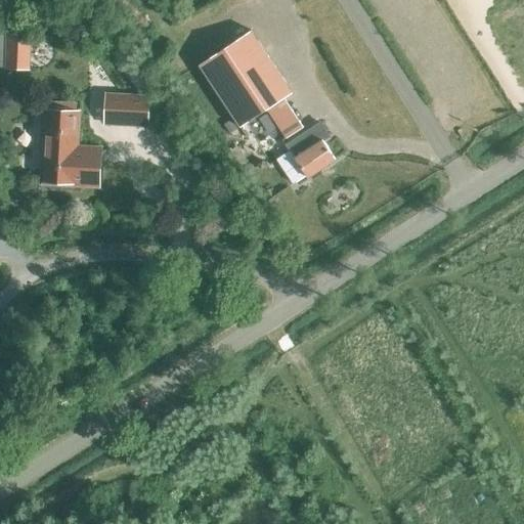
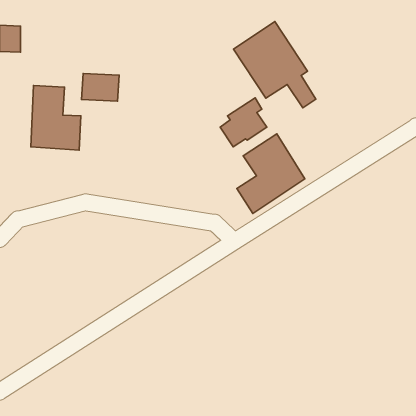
building: [199,31,302,139] -> [233,22,316,108]
building: none -> [237,134,305,213]

